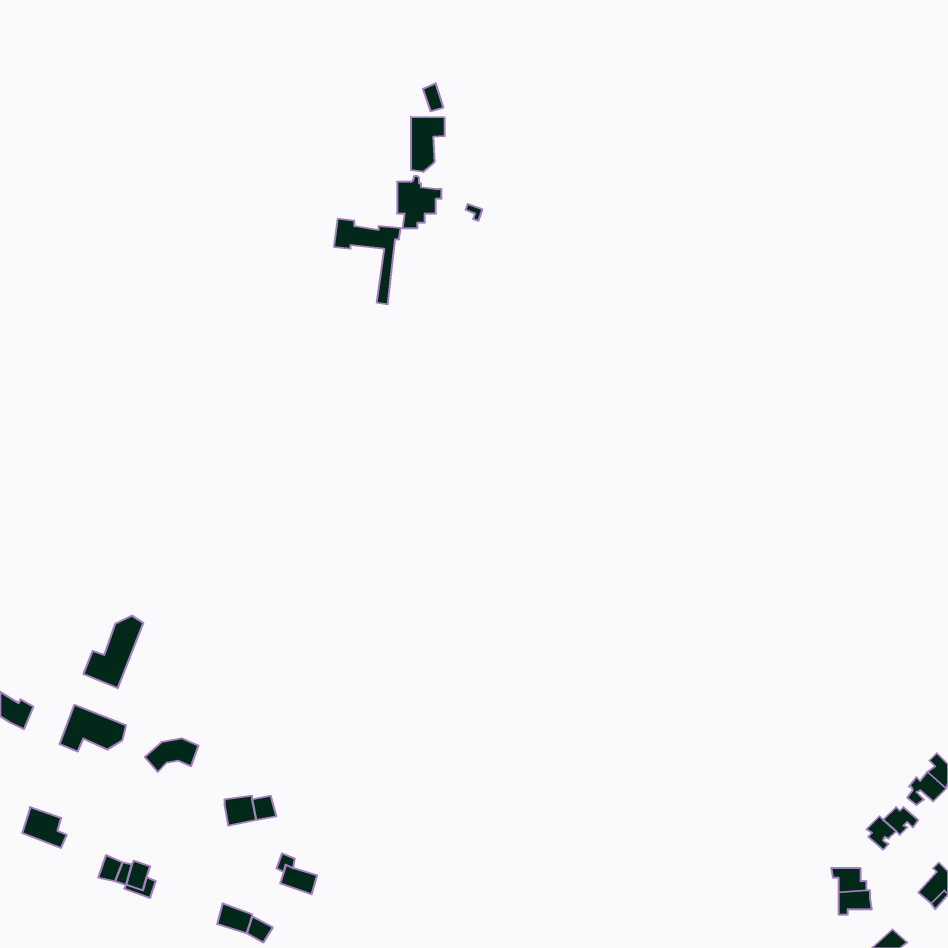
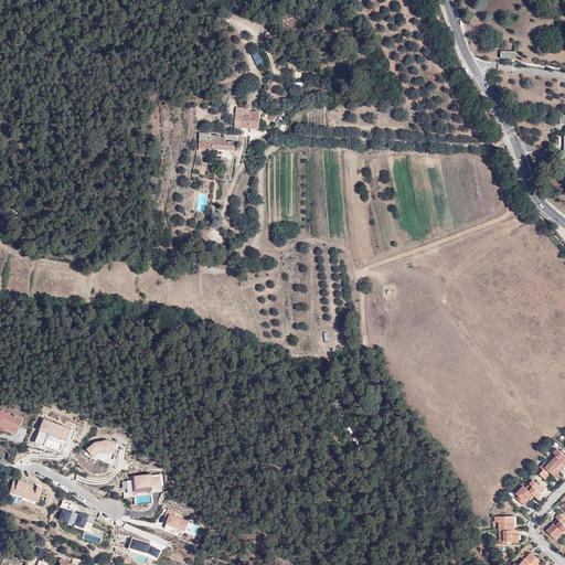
building: [411,117,445,172] -> none
building: [84,616,143,688] -> none

